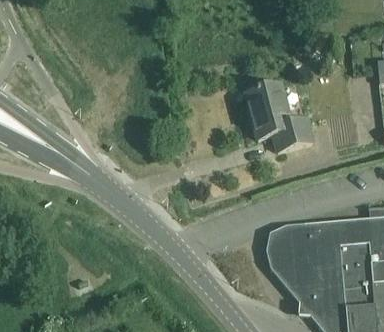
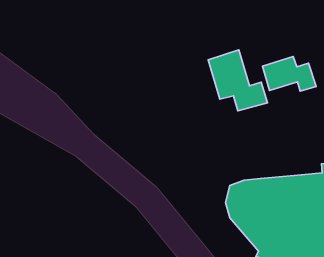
building: none -> [262,56,316,91]

